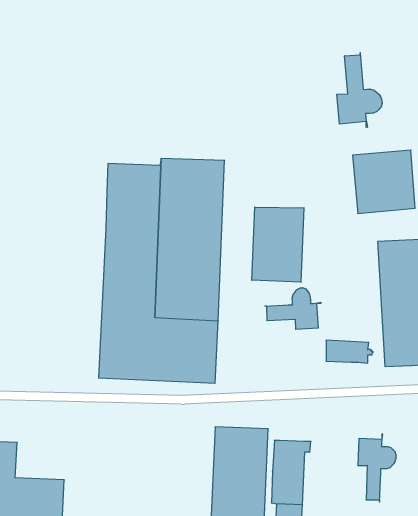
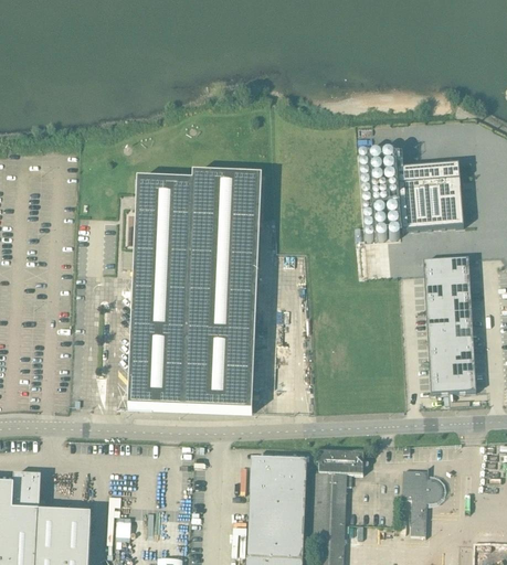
building: [337,53,382,127] -> none
building: [252,207,304,282] -> none
building: [265,288,321,329] -> none
building: [326,340,373,363] -> [319,449,369,473]

